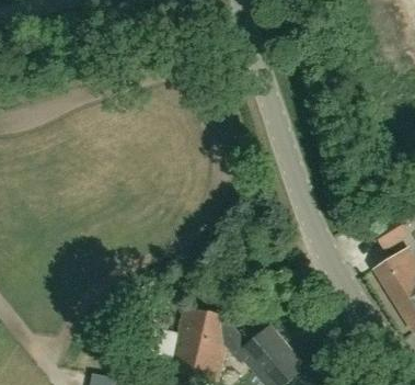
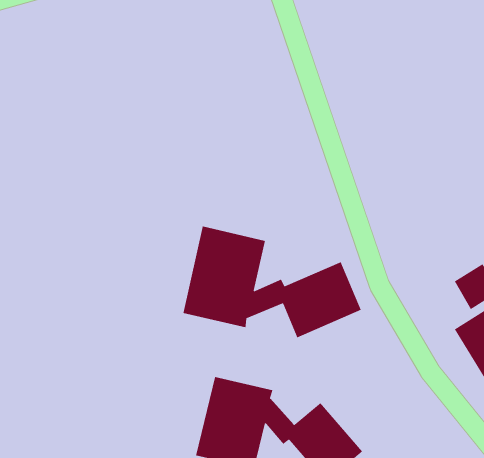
building: none -> [182,226,362,338]

